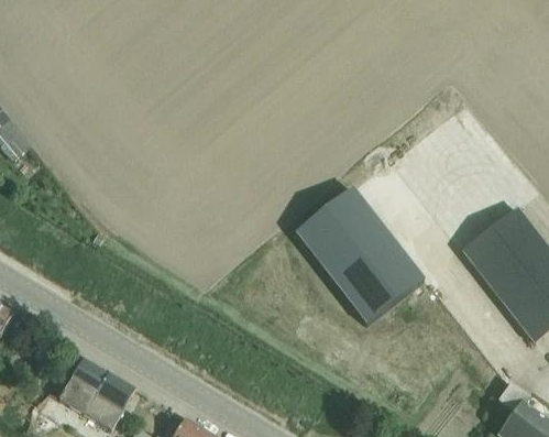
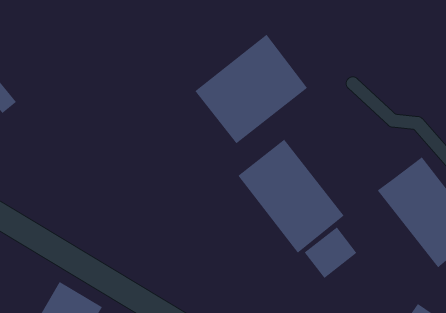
building: none -> [195,34,308,144]
building: none -> [304,227,357,279]

